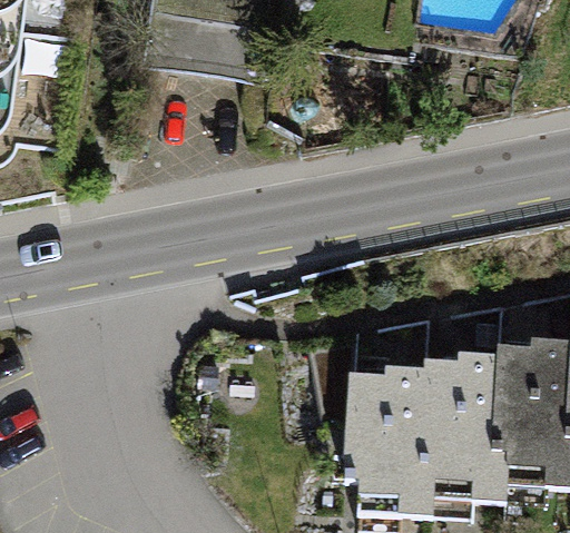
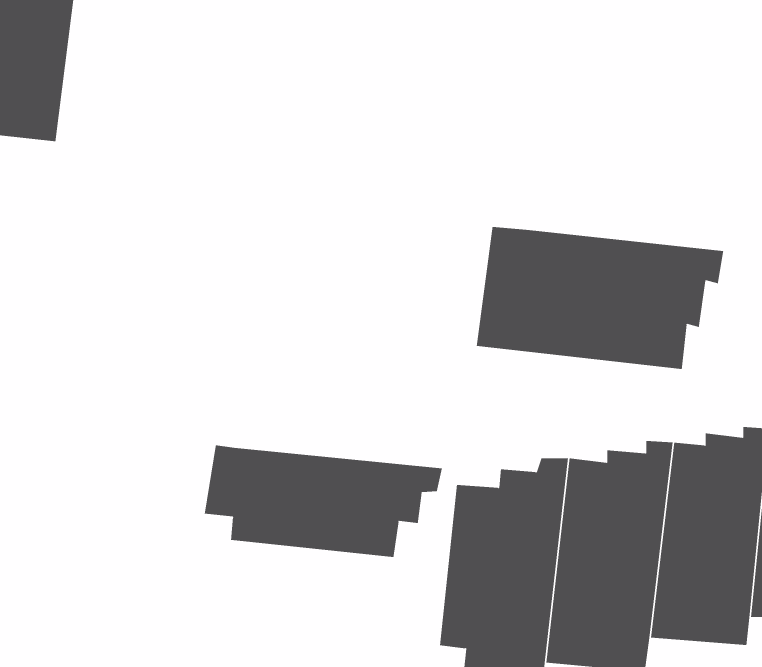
building: none -> [476,226,724,370]
building: none -> [204,445,443,558]

